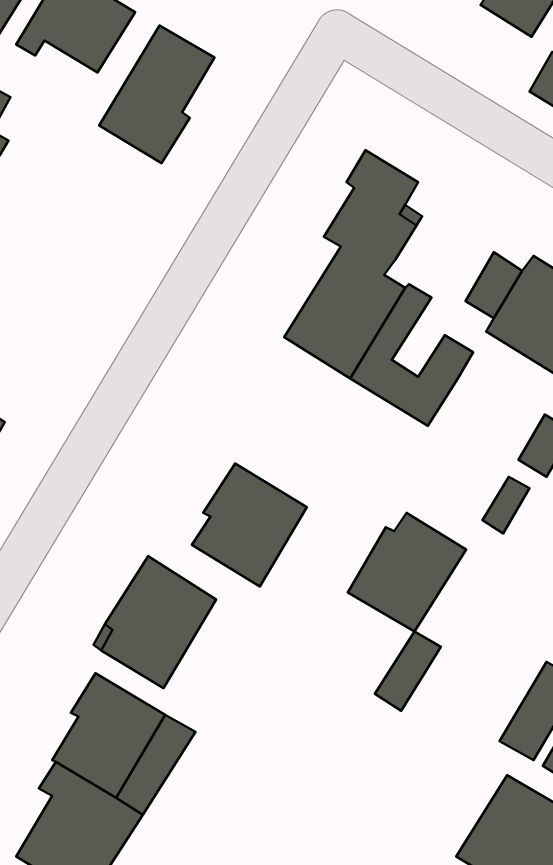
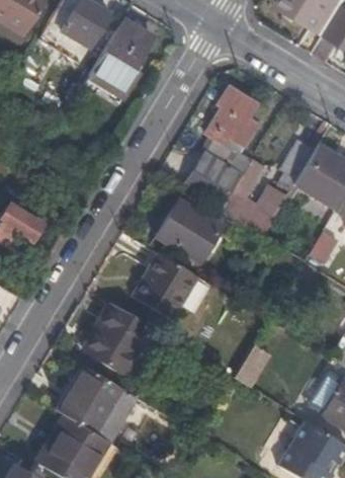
building: none -> [155,198,222,262]
building: [348,513,466,632] -> none

